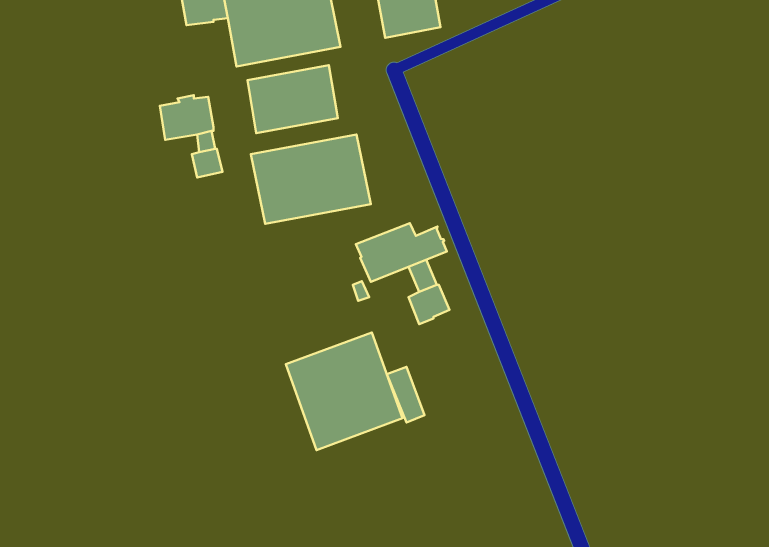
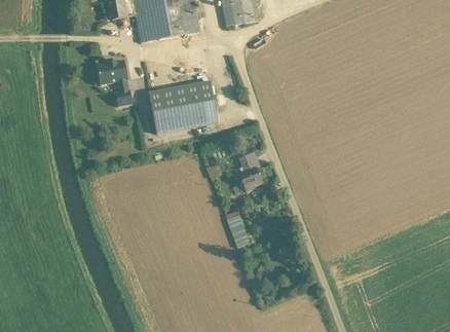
building: [247,65,338,133] -> none
building: [356,223,447,282] -> none
building: [286,332,403,450] -> none

